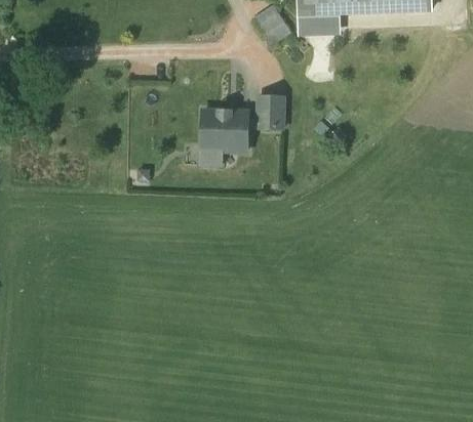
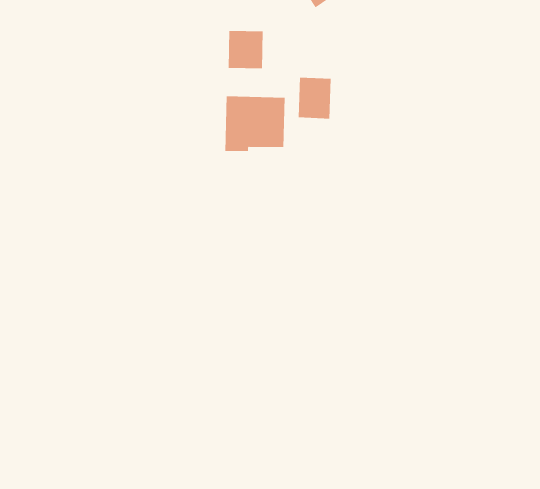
building: none -> [228,30,263,69]

